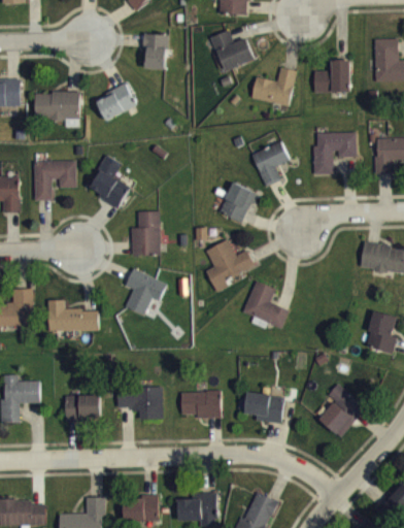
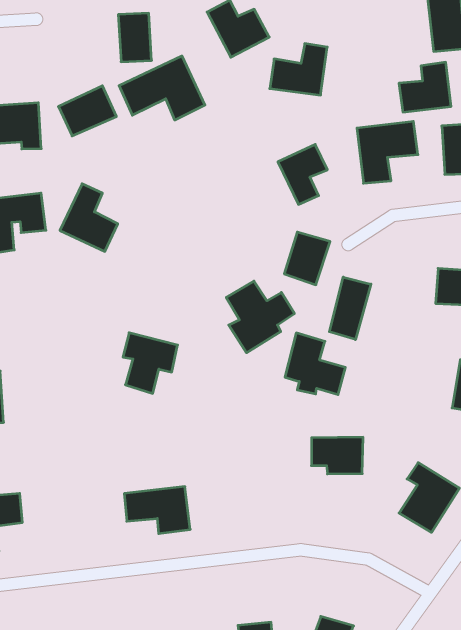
building: [313,59,350,93] -> [399,62,451,112]
building: none -> [119,56,205,120]
building: [220,183,256,223] -> [284,232,330,285]
building: [131,210,160,256] -> none
building: none -> [329,277,371,340]
building: [47,299,98,331] -> none
building: [180,391,221,418] -> none
building: [244,393,284,423] -> [311,437,363,474]
building: [65,395,100,421] -> none

